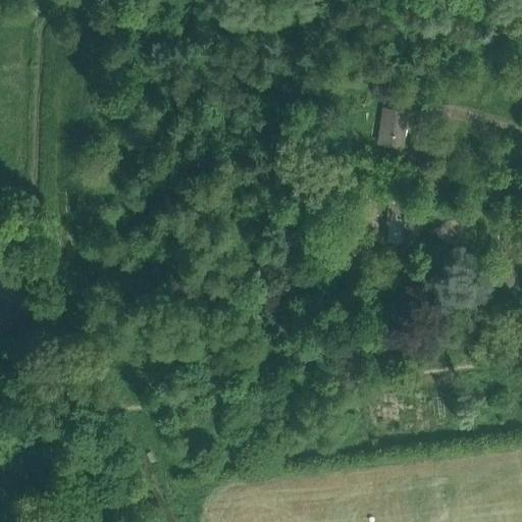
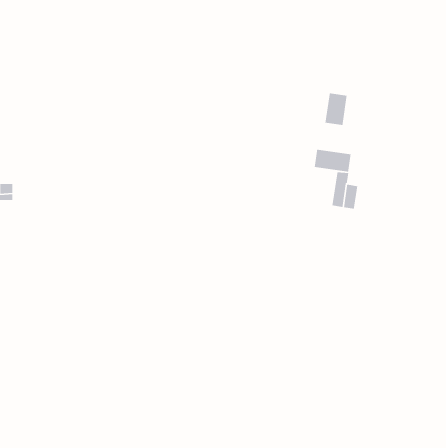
building: none -> [314,149,352,172]

